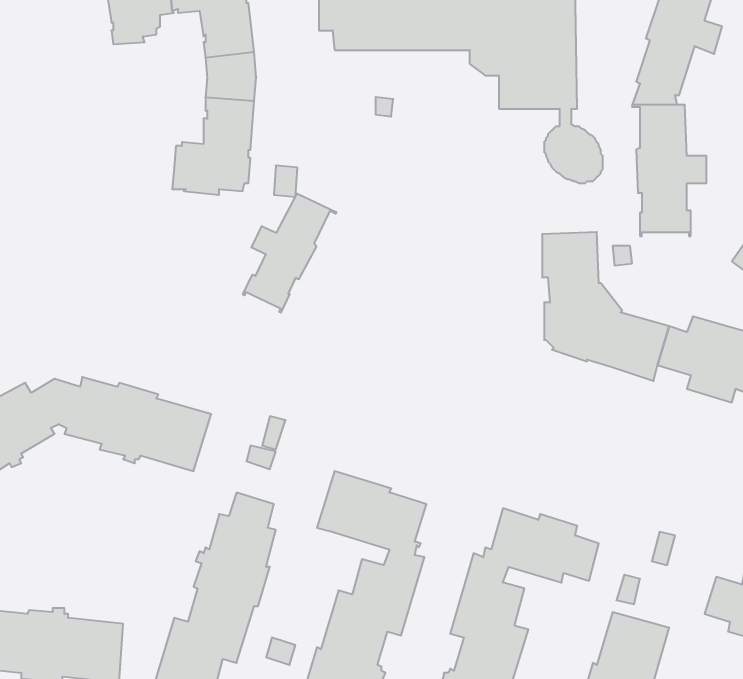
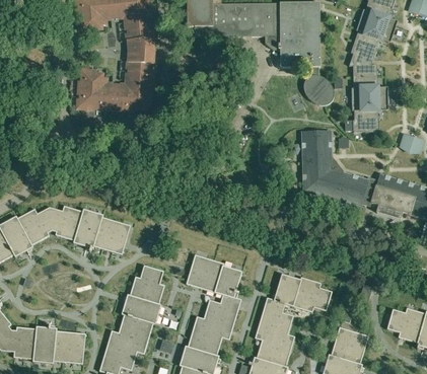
building: none -> [78,69,113,109]
building: [243,194,336,313] -> none

